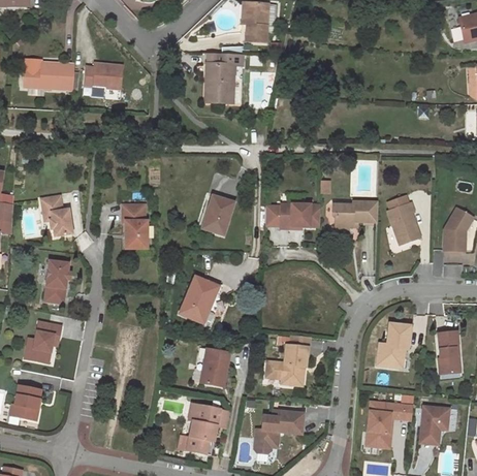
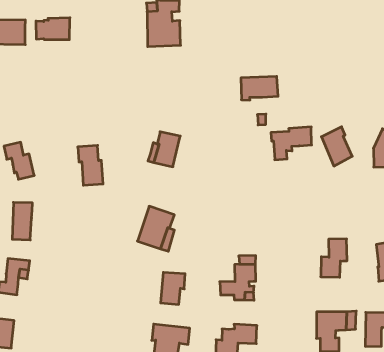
building: [278,203,318,228] -> [241,76,278,100]

